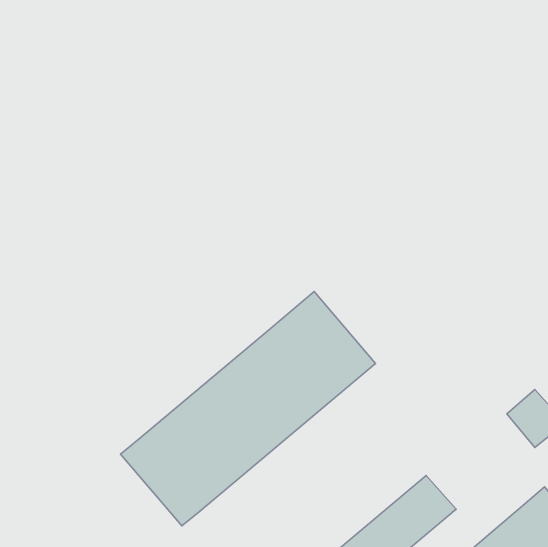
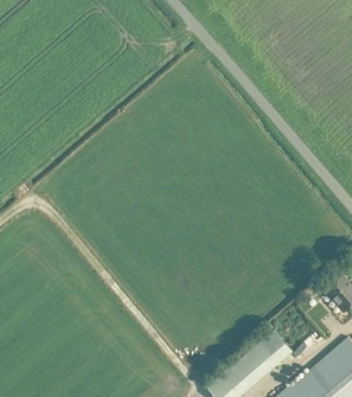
building: [121,292,376,526] -> none

